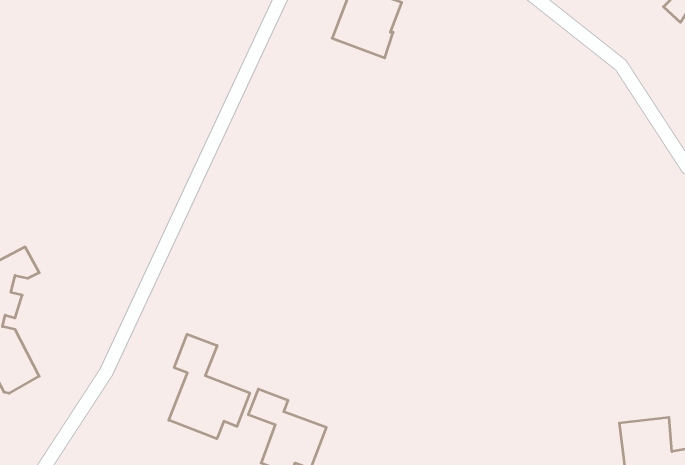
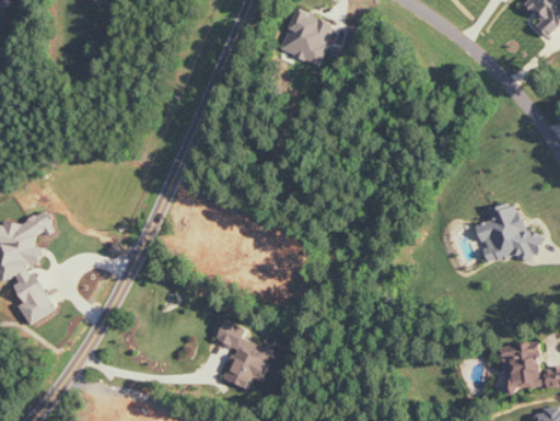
building: none -> [476,202,538,267]
building: [169,334,250,439] -> none

